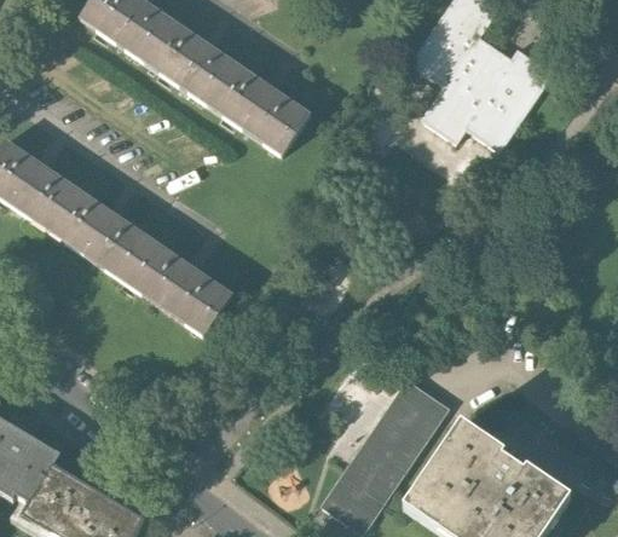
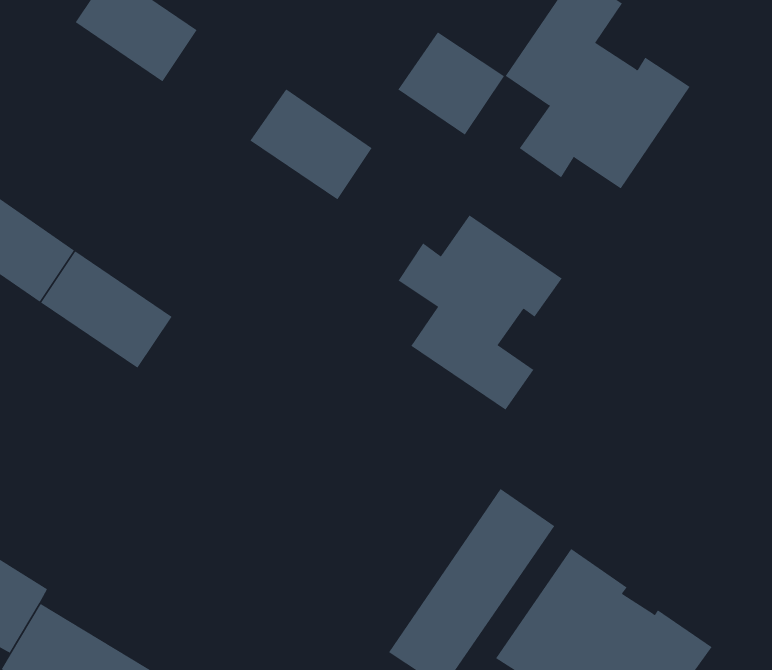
building: [149,24,243,109] -> none
building: none -> [397,31,505,136]
building: none -> [398,214,562,411]
building: [129,244,232,336] -> none

